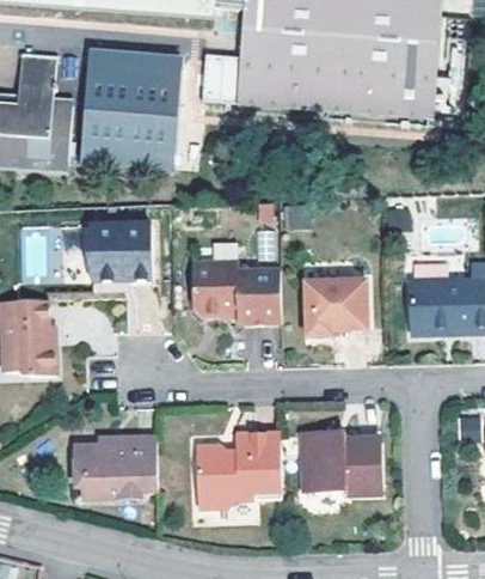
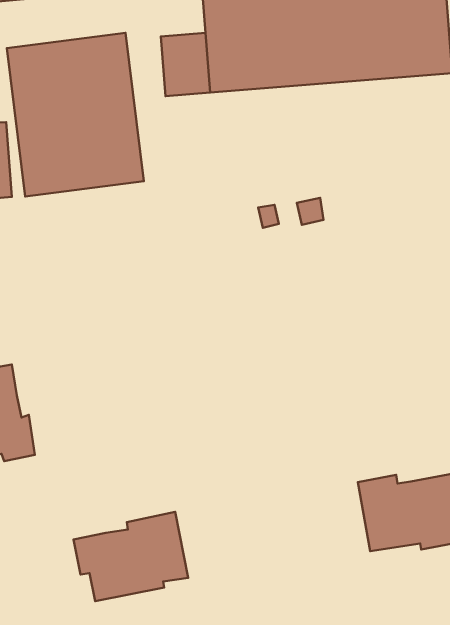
building: [84,221,145,279] -> none
building: [196,260,283,323] -> none
building: [308,278,369,336] -> none
building: [201,433,284,506] -> none

